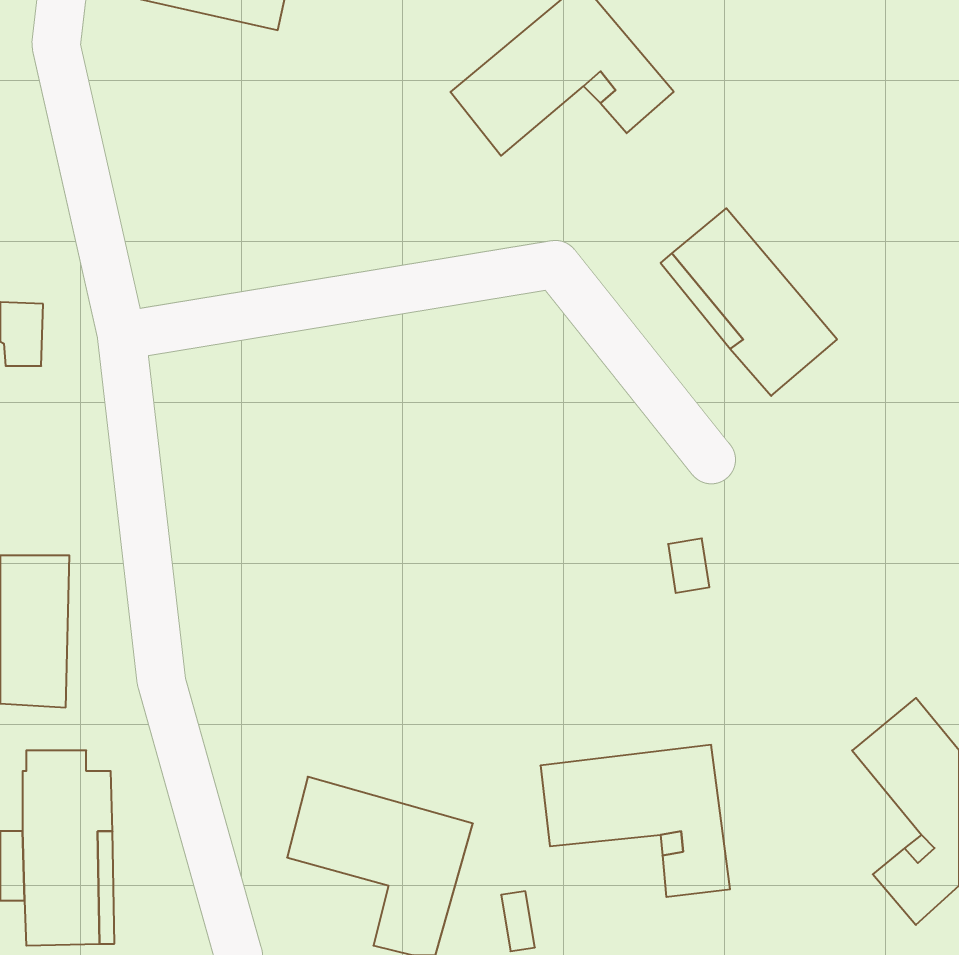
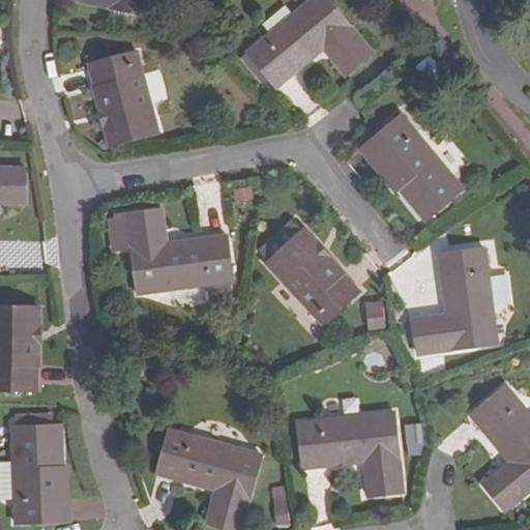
building: none -> [87,52,156,144]
building: none -> [109,209,231,300]
building: none -> [266,229,359,323]
building: none -> [413,247,497,353]

